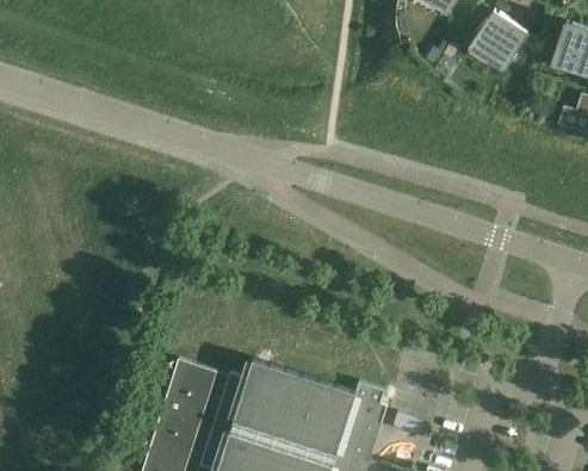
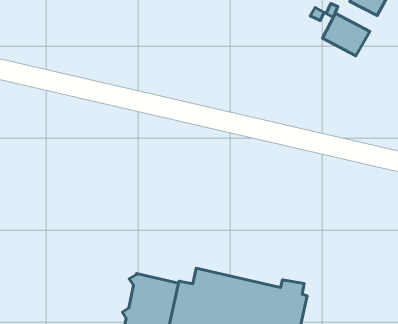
building: none -> [323,13,370,56]

